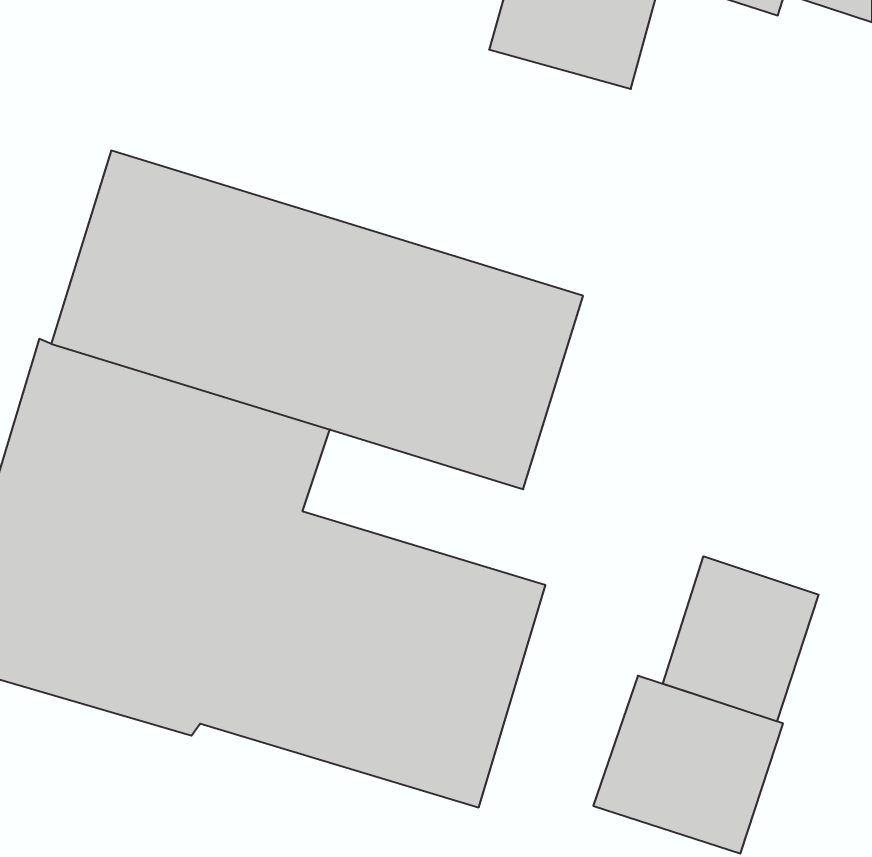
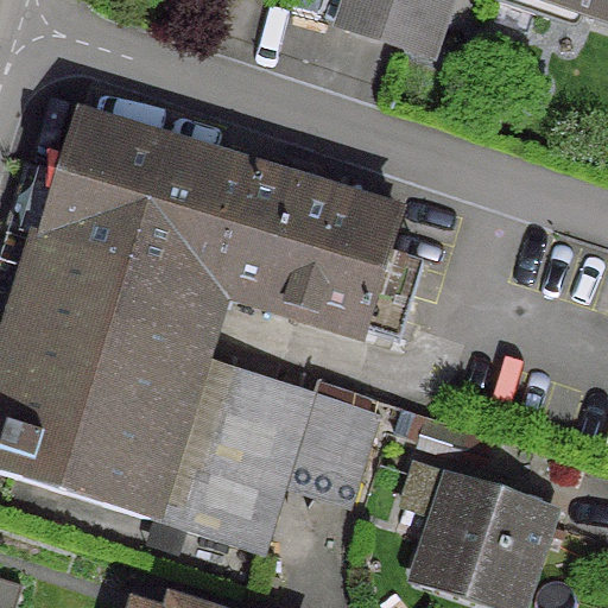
building: [663,556,819,721] -> none

